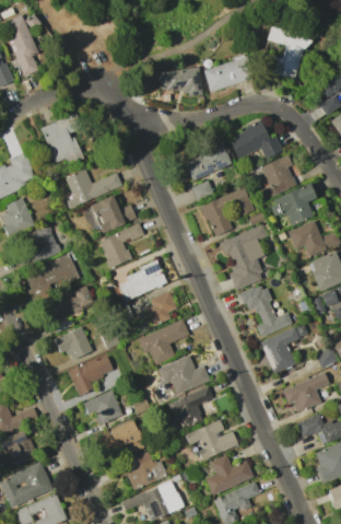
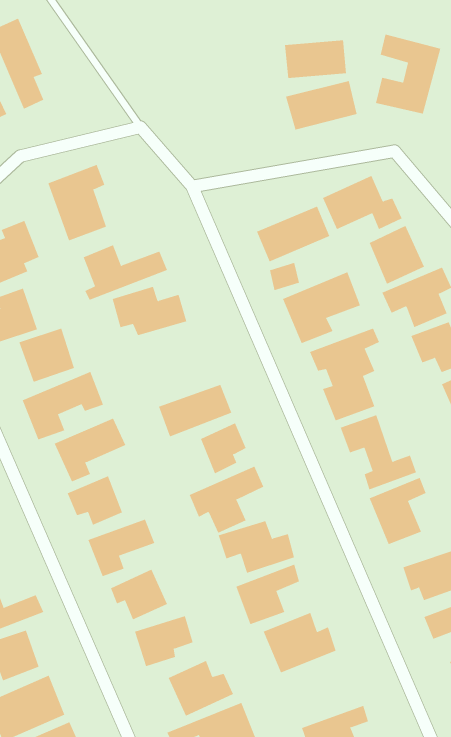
building: [160,68,202,94] -> [284,40,347,78]
building: [98,223,144,268] -> none
building: [207,454,254,493] -> none

